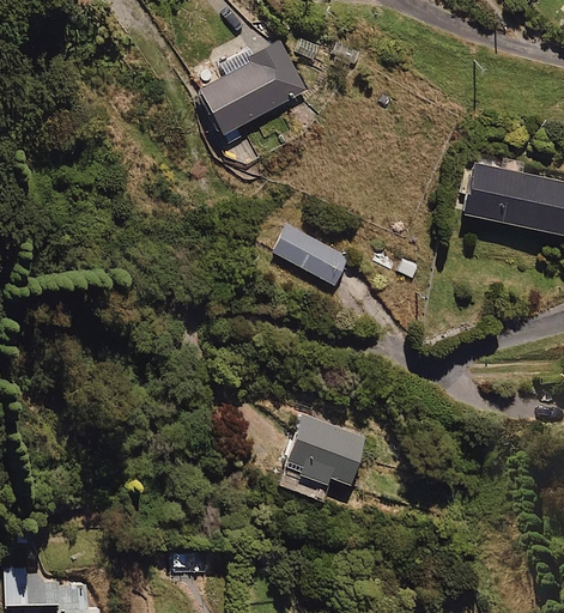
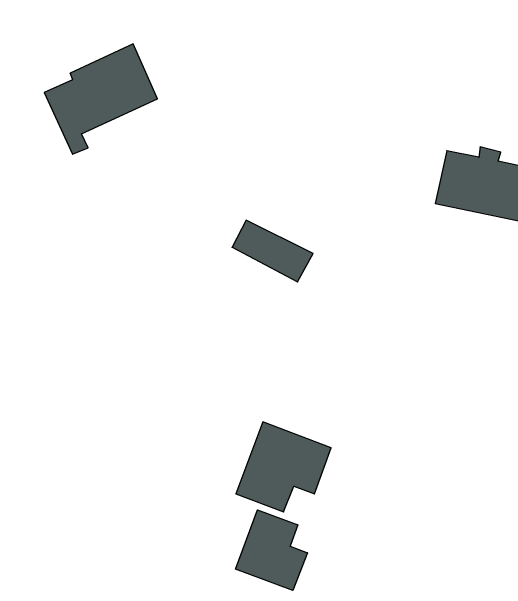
building: [200,41,305,144] -> [44,44,157,154]
building: none -> [235,510,307,590]

